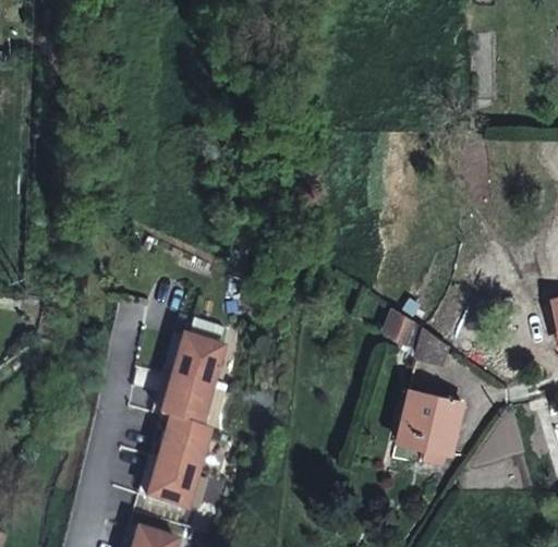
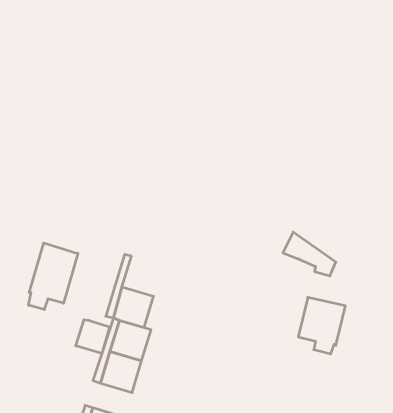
building: none -> [29,243,78,310]
building: [178,338,230,389] -> none
building: none -> [76,320,110,354]

